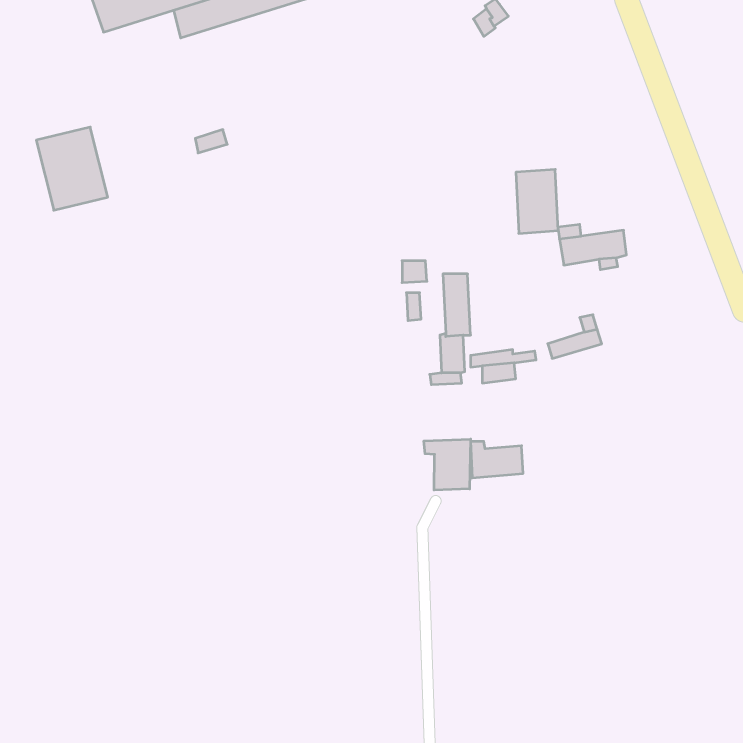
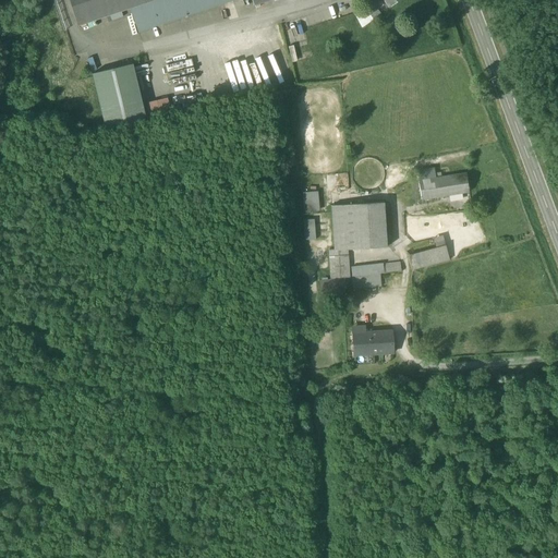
building: [36,127,108,210] -> [93,63,146,125]
building: [516,169,558,233] -> [351,203,383,251]
building: [424,439,471,490] -> none

